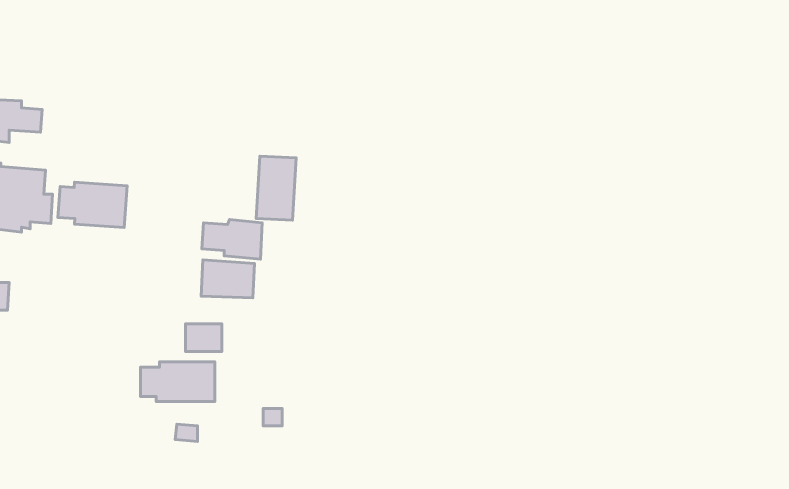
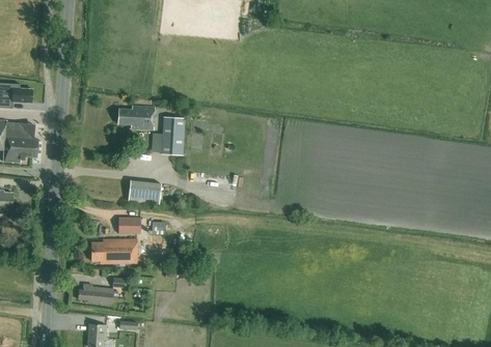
building: [58,182,127,228] -> none
building: [202,219,262,259] -> [117,106,154,129]
building: none -> [79,284,113,303]

